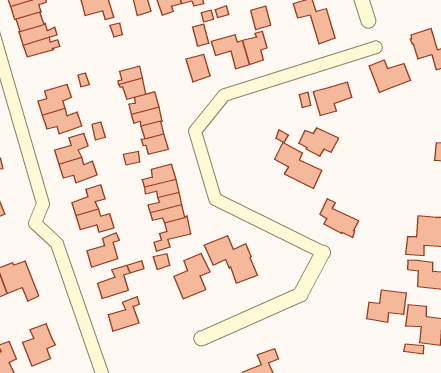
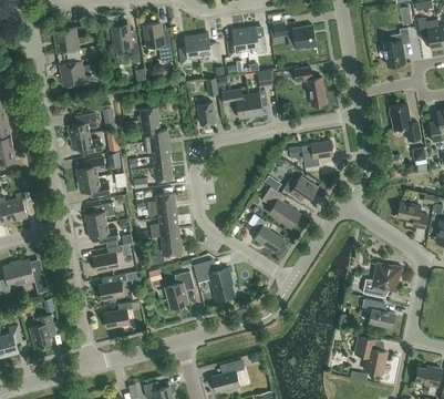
building: [369,60,410,93] -> none
building: [320,199,359,237] -> [251,216,283,252]
building: [367,290,406,322] -> none

